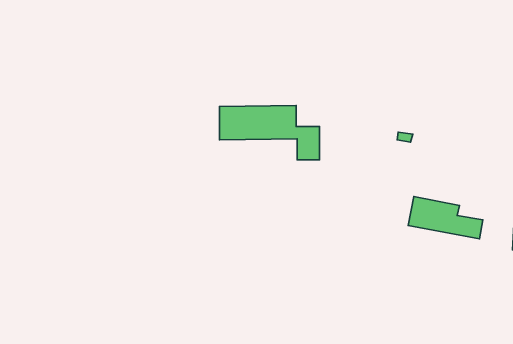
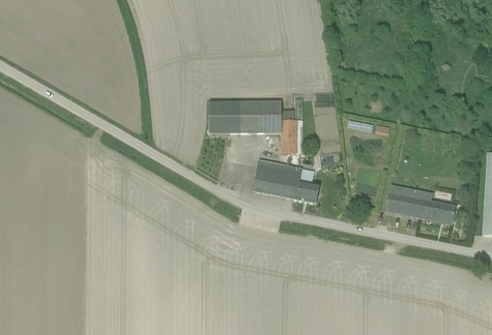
building: none -> [252,159,318,204]

